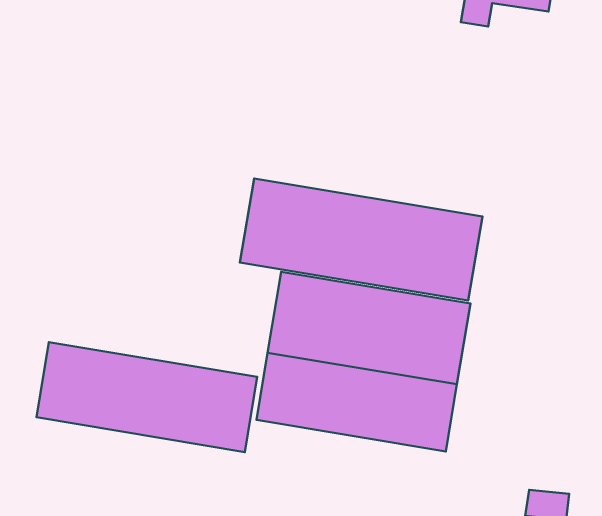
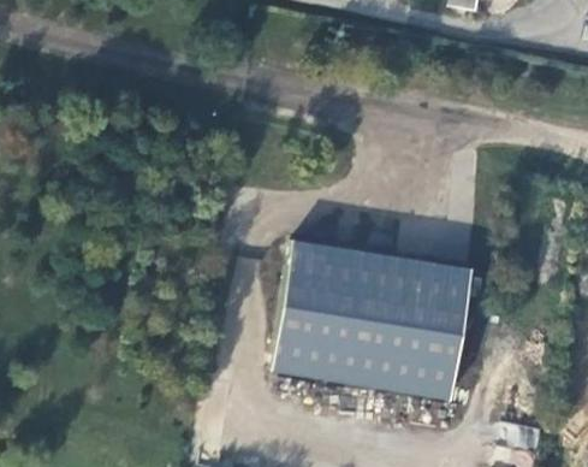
building: [240,178,482,301] -> none
building: [37,342,257,452] -> none

